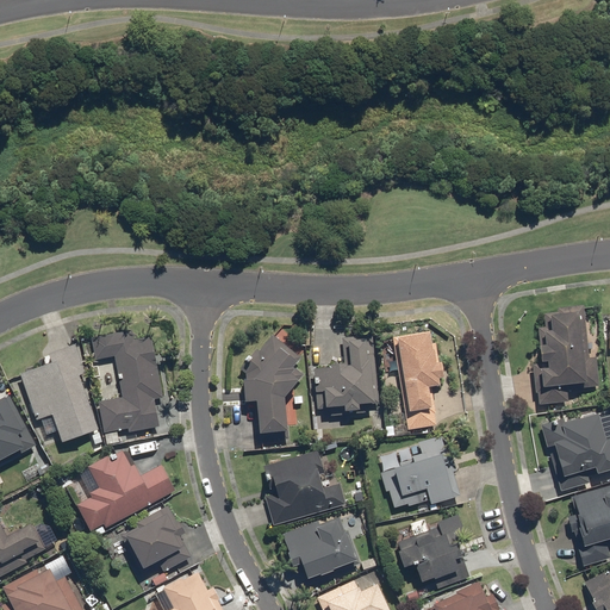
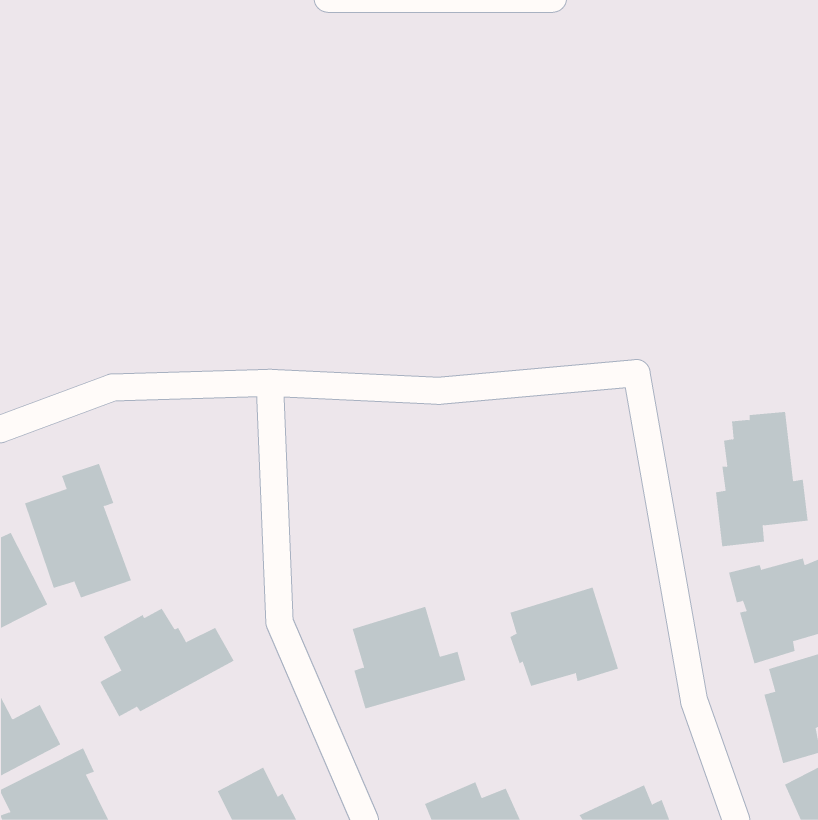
building: [93,330,164,434] -> none
building: [393,330,443,430] -> none
building: [239,335,303,442] -> none
building: [311,335,380,412] -> none
building: [122,504,195,574] -> none
building: [393,513,468,586] -> none
building: [282,516,360,586] -> none

